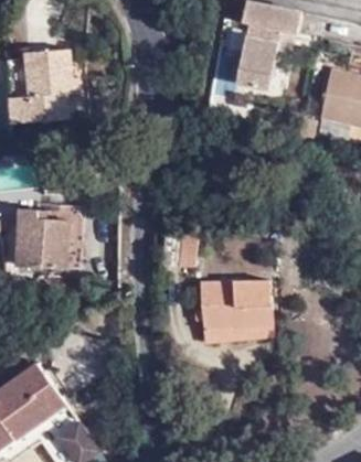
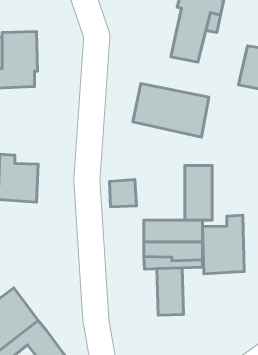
building: none -> [133,83,209,137]
building: none -> [185,166,212,220]
building: none -> [202,215,244,274]
building: none -> [157,268,184,315]

